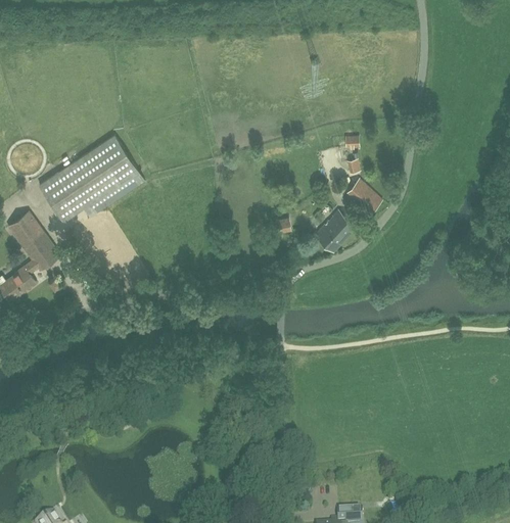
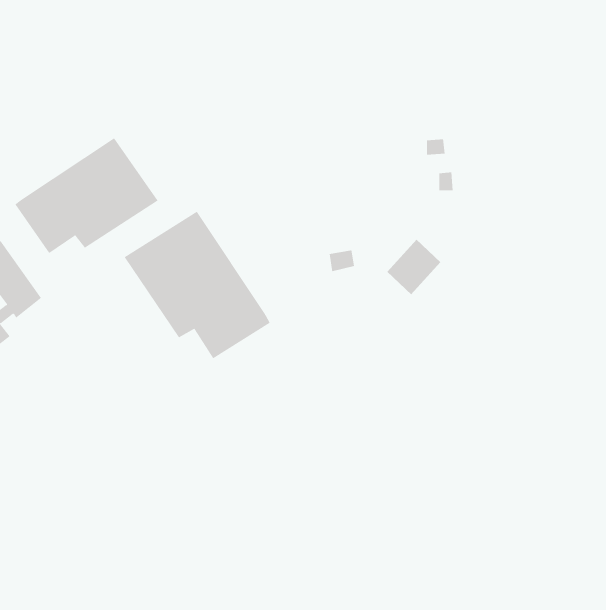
building: [345,179,381,215] -> none
building: none -> [124,211,270,359]

